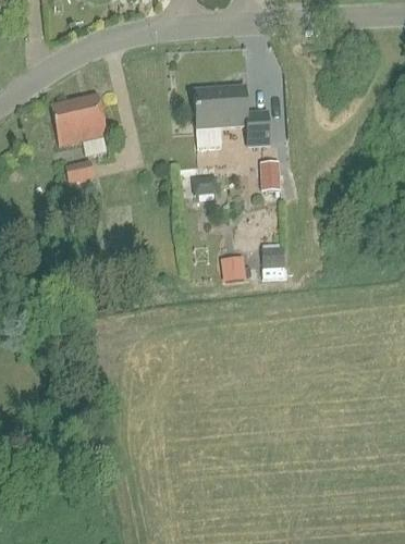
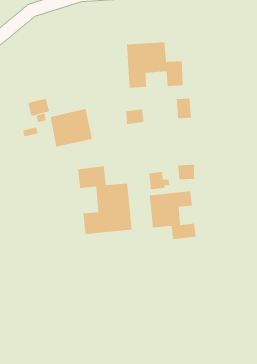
building: [50,94,107,145] -> [50,108,93,147]
building: none -> [78,165,132,235]
building: none -> [149,191,196,240]

